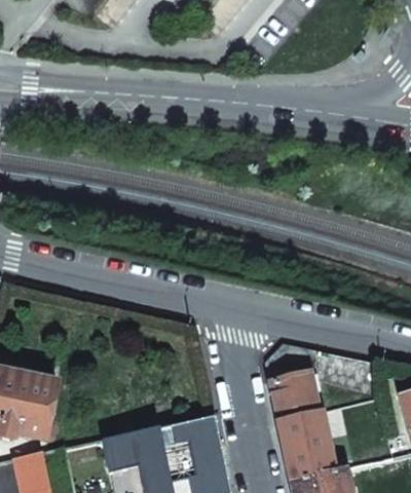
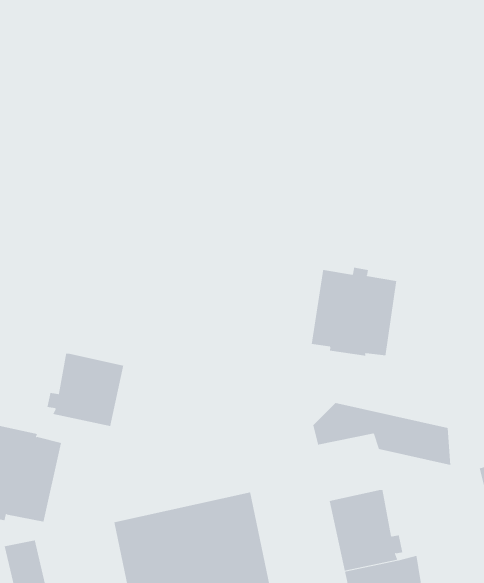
building: none -> [311,267,397,357]
building: none -> [47,353,124,427]
building: [269,376,320,425] -> none

